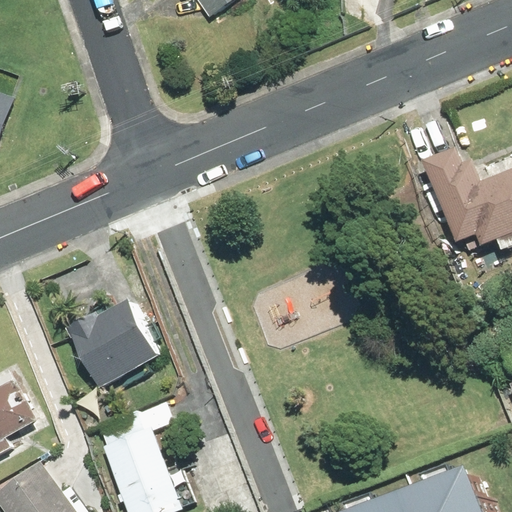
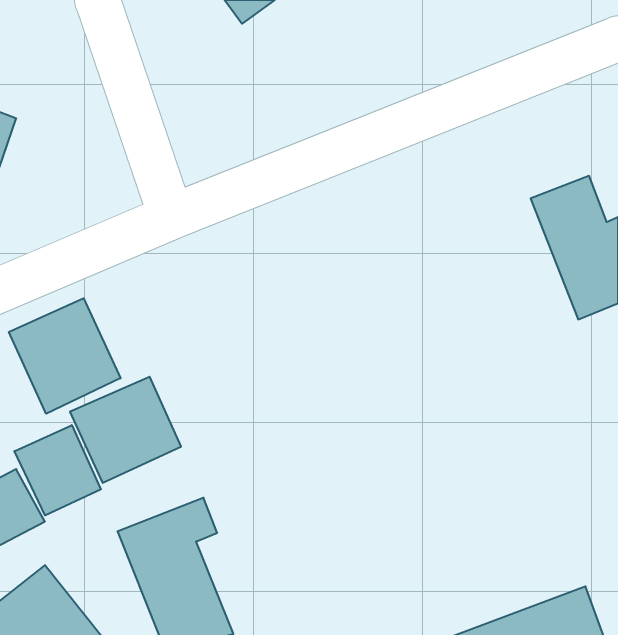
building: none -> [9,298,121,414]
building: none -> [14,425,101,515]

